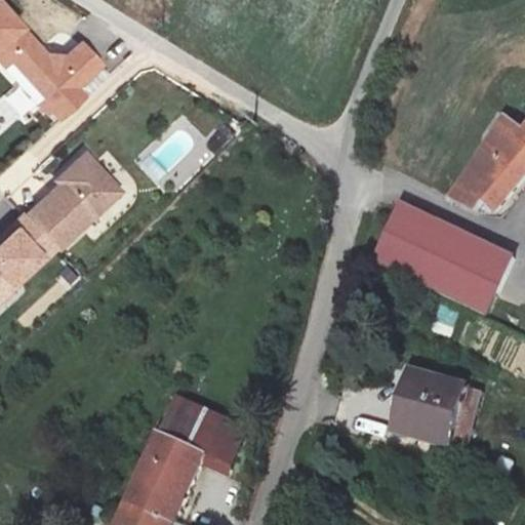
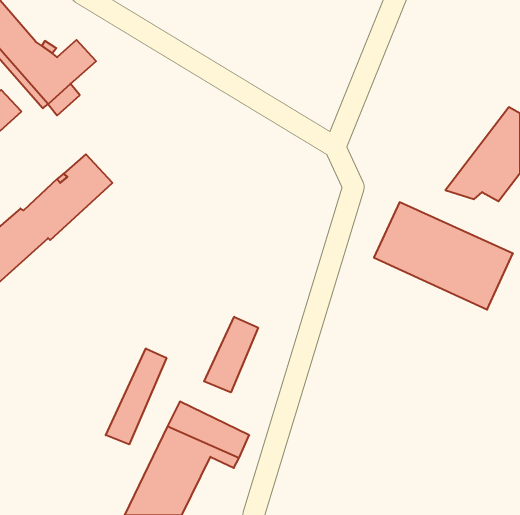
building: none -> [204,317,258,392]
building: none -> [106,348,166,444]
building: [401,376,471,448] -> none

